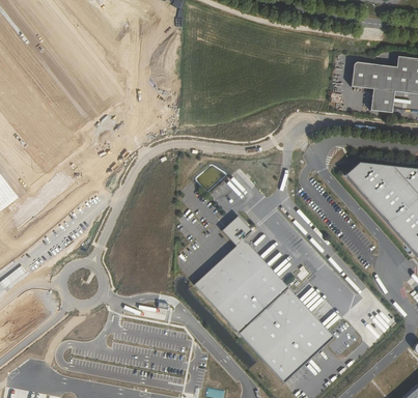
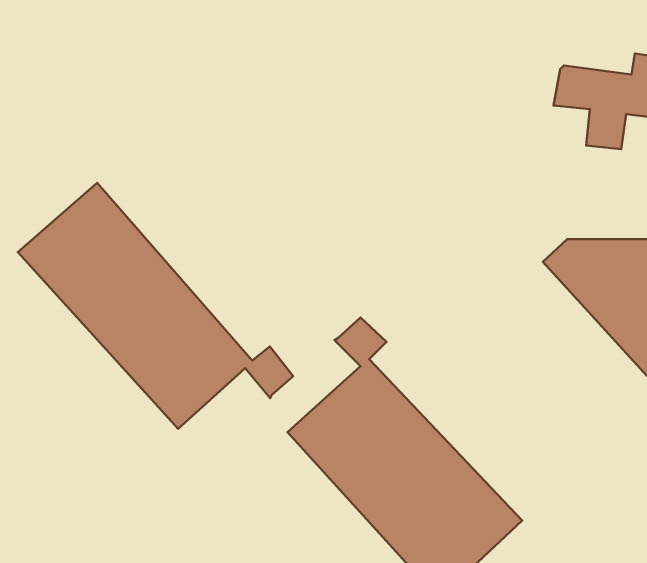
building: none -> [18,183,293,429]

